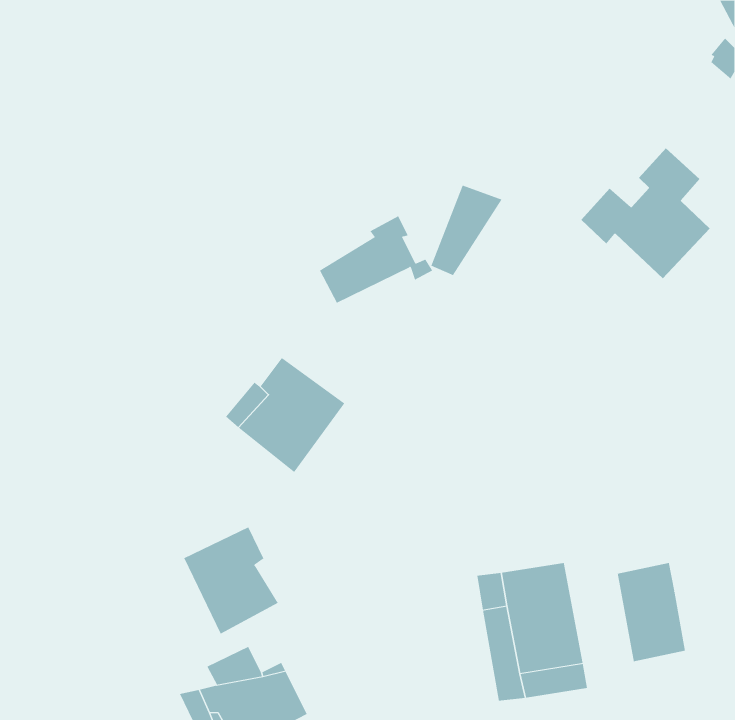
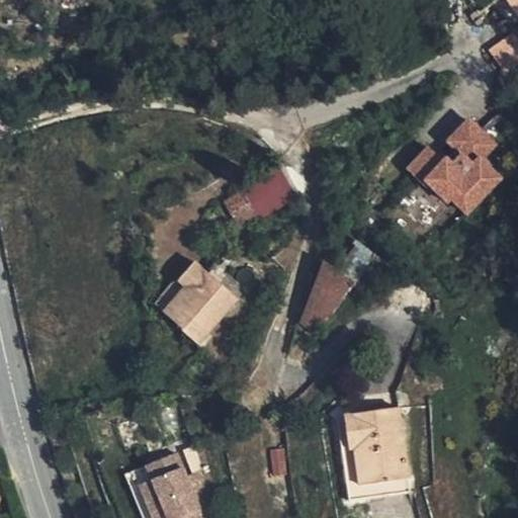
building: [430,185,503,276] -> [305,262,355,326]
building: [184,527,278,635] -> none
building: [617,562,686,662] -> none

